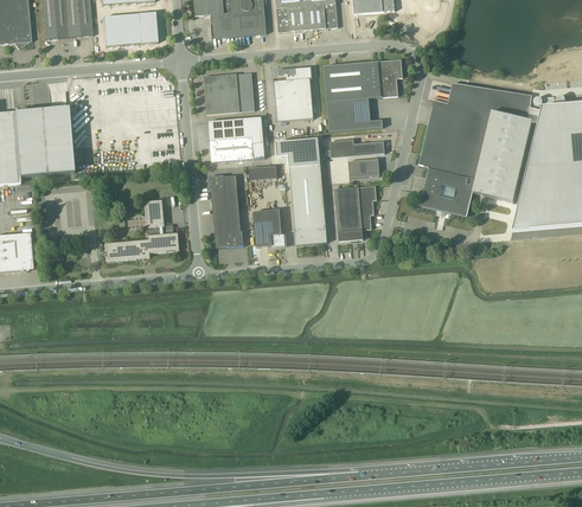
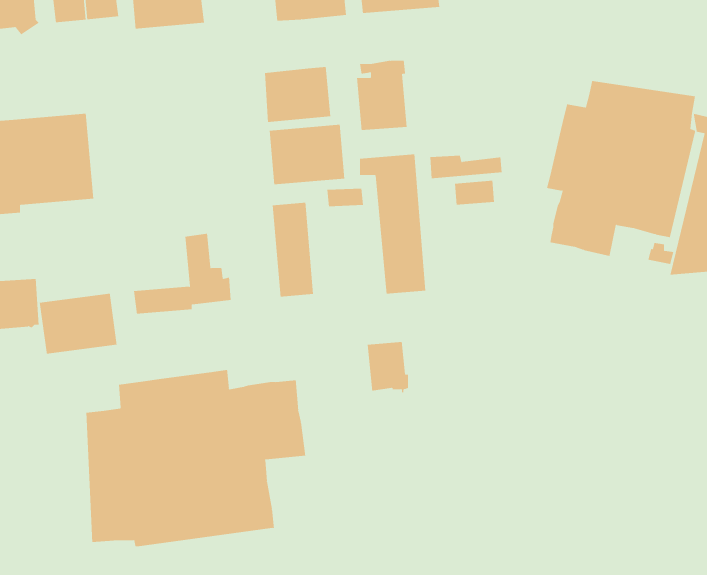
building: [324,59,402,131] -> none
building: [334,186,377,242] -> none
building: [252,210,284,249] -> [367,341,409,393]
building: none -> [39,293,117,355]
building: none -> [86,369,306,547]

